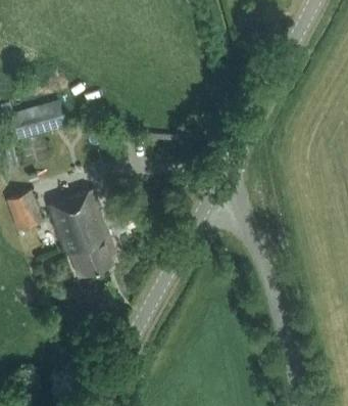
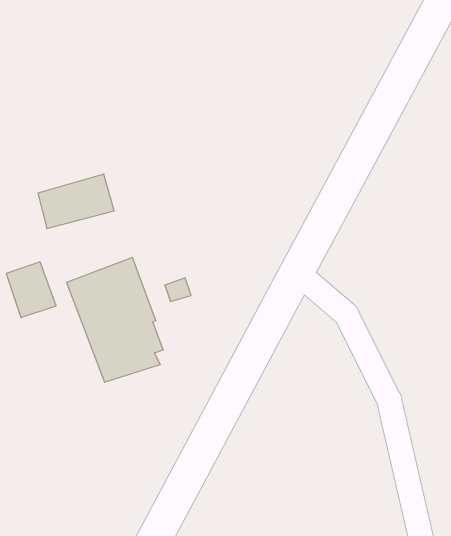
building: [11,100,64,138] -> [38,174,114,228]

